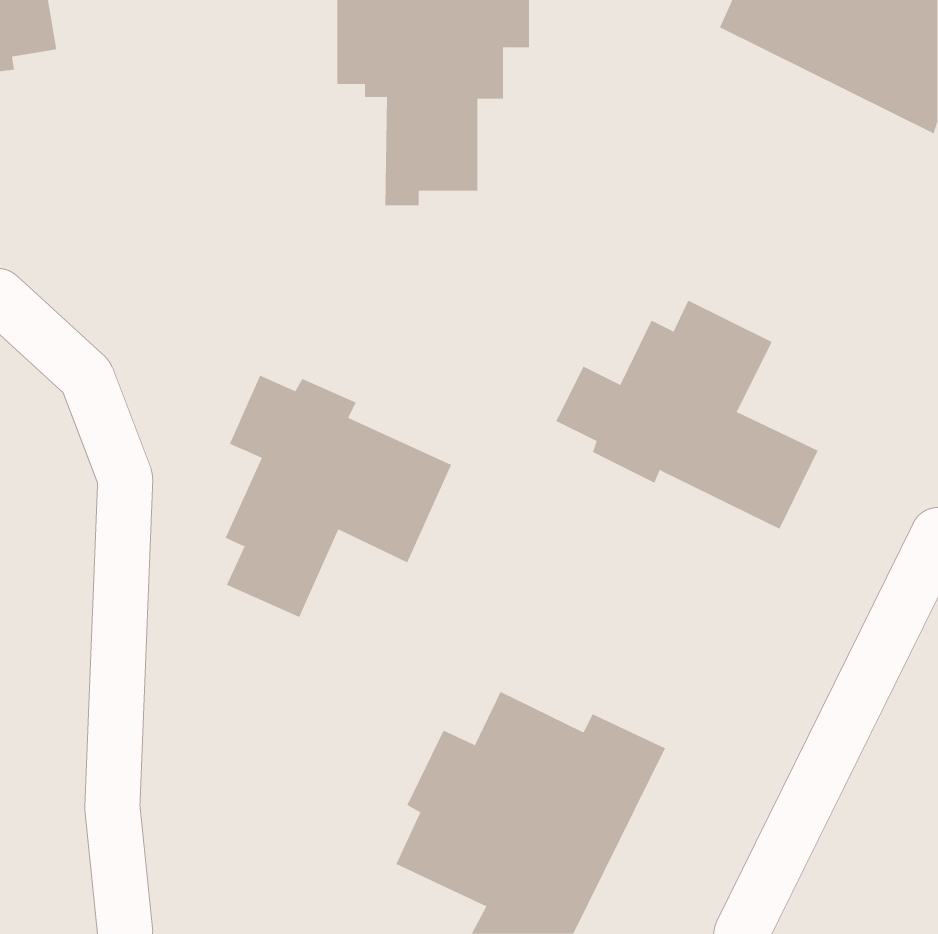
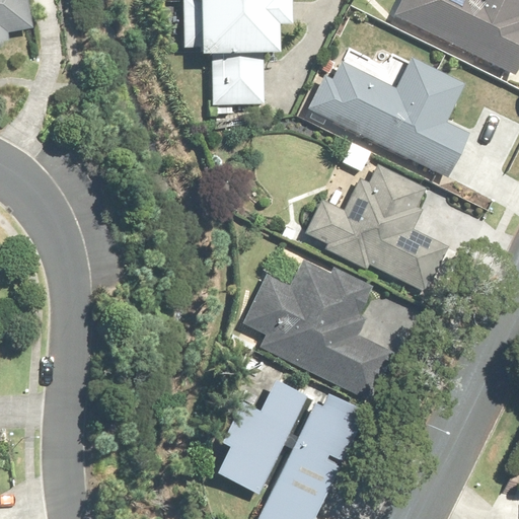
building: none -> [307,59,467,178]
building: [225,375,452,618] -> none
building: none -> [243,263,395,392]

